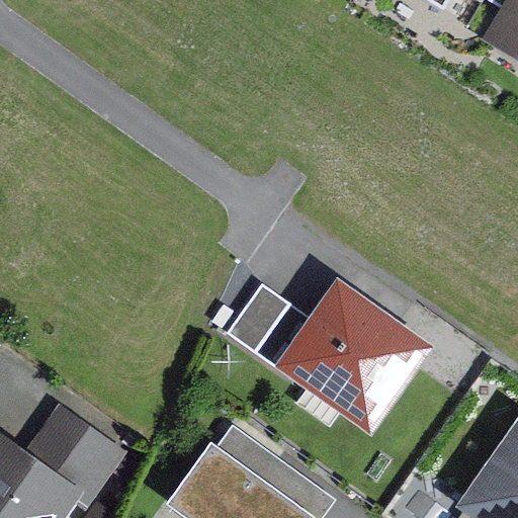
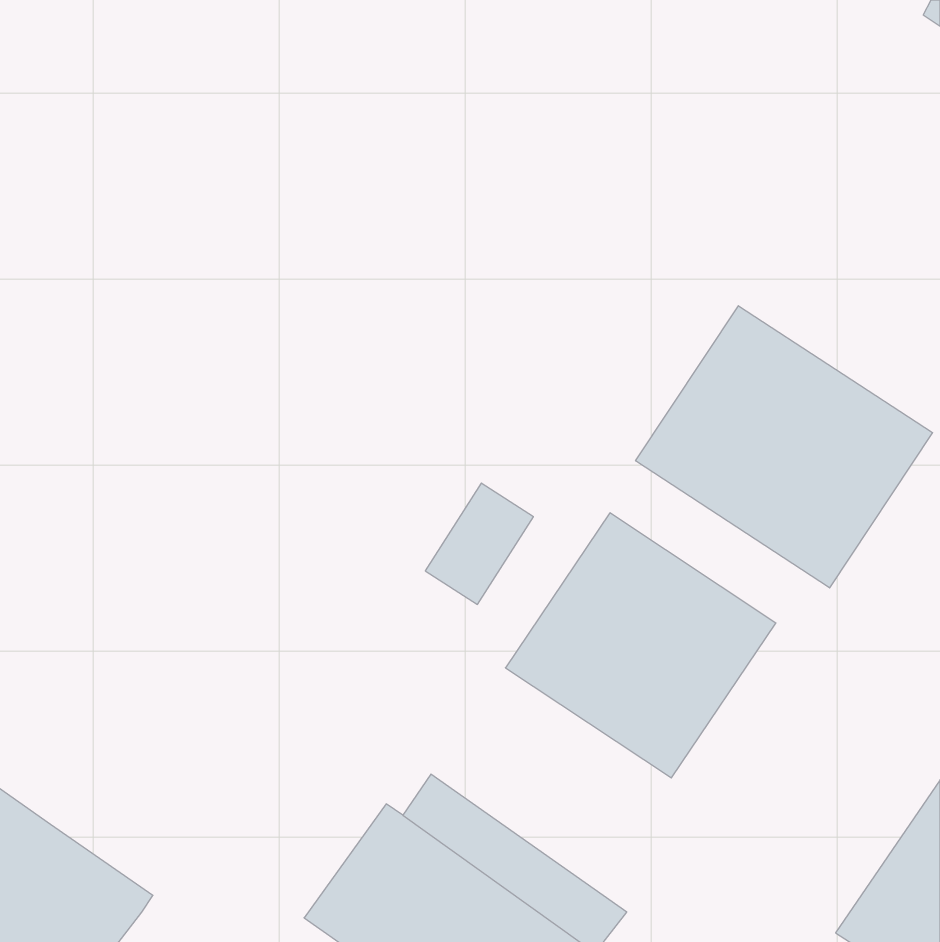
building: none -> [636,306,933,588]
building: [27,405,128,509] -> none

